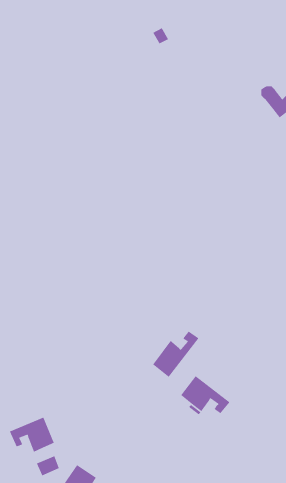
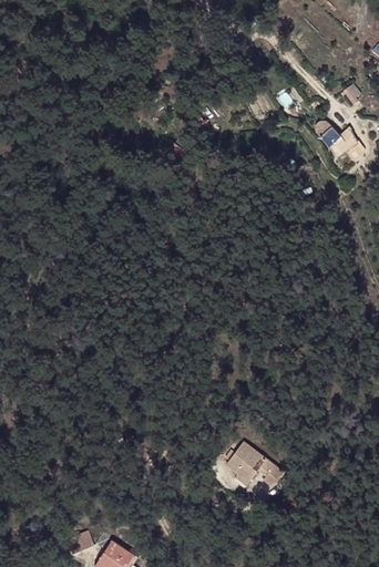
building: [152,331,200,378] -> none
building: [9,416,55,453] -> none

